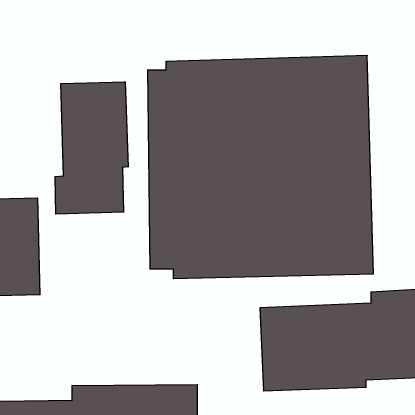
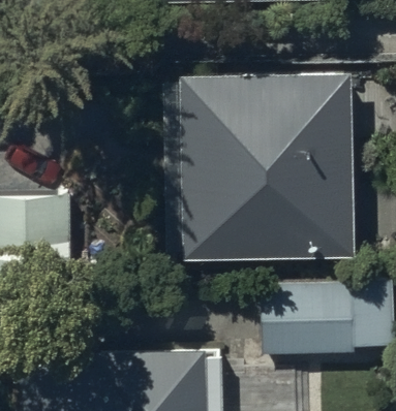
building: [55,82,128,214] -> none

